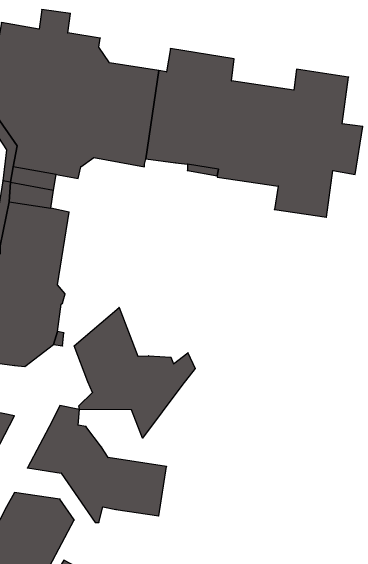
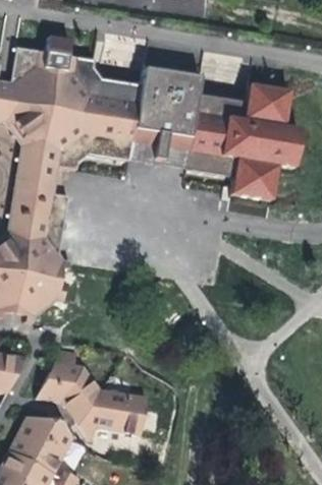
building: [74,307,195,438] -> none

